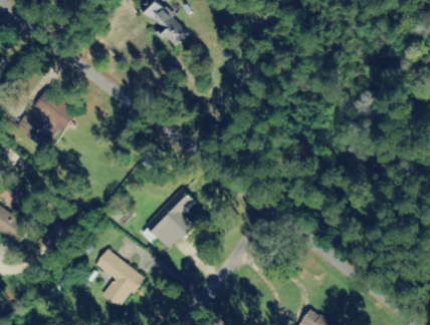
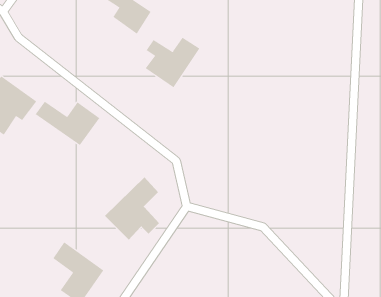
building: none -> [145,37,200,88]
building: none -> [35,101,100,146]

